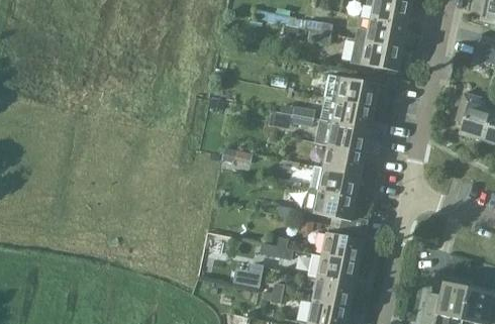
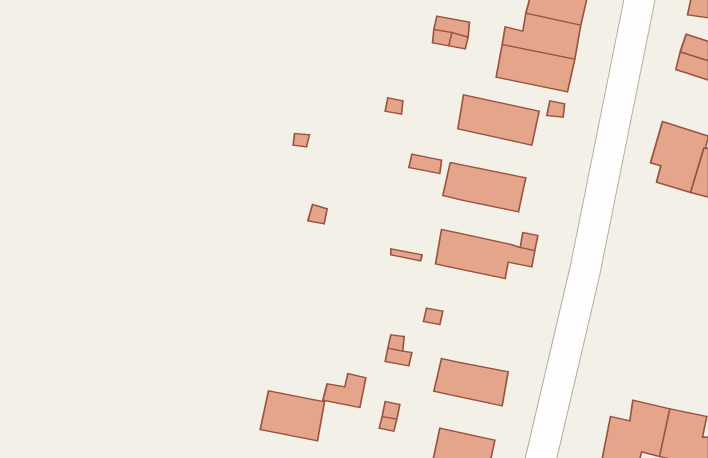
building: [319,96,387,132] -> none
building: [322,144,365,175] -> none
building: [303,188,368,232] -> none
building: [321,231,363,261] -> none
building: none -> [260,391,325,441]
building: [311,277,354,308] -> none

